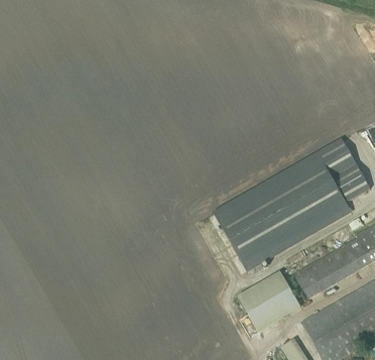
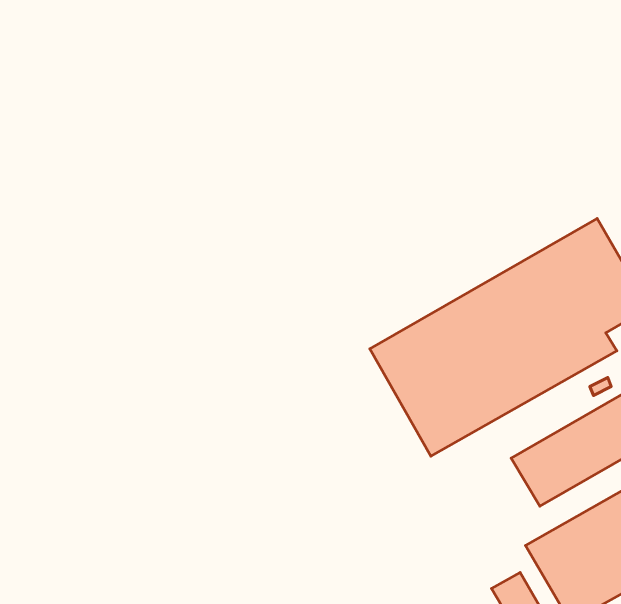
building: [238,270,300,331] -> none

